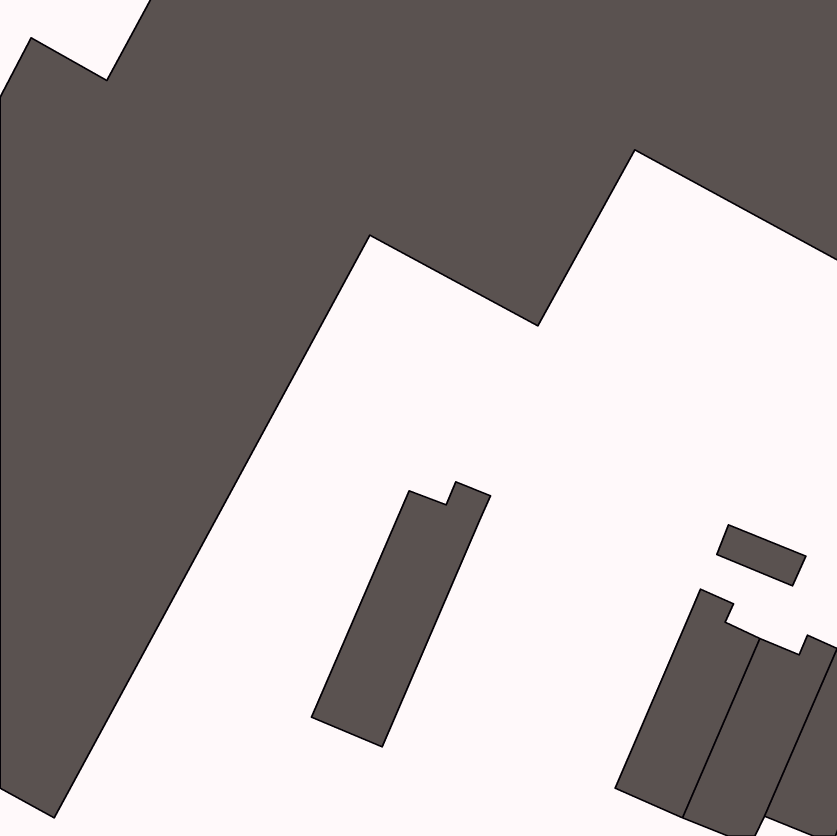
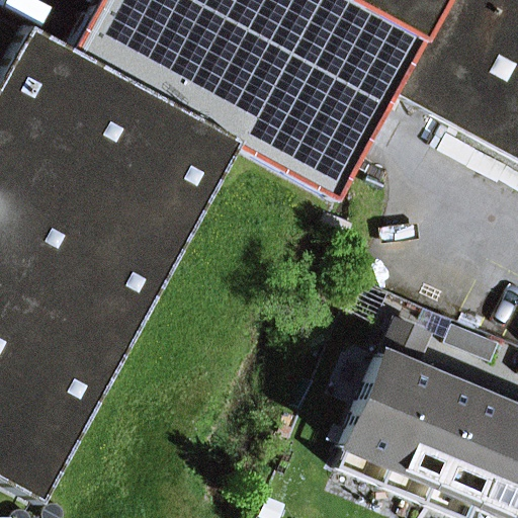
building: [312,482,490,747] -> none
building: none -> [335,320,428,485]

